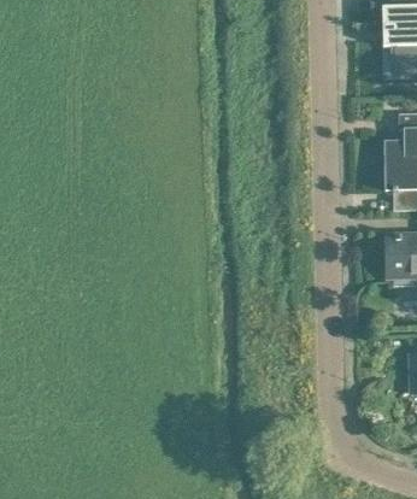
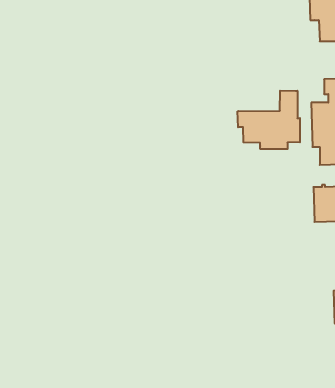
building: none -> [238,91,300,149]

